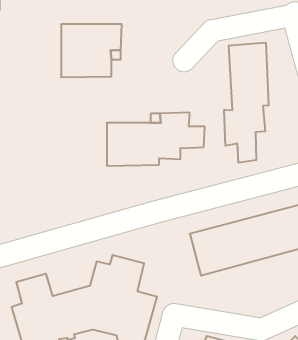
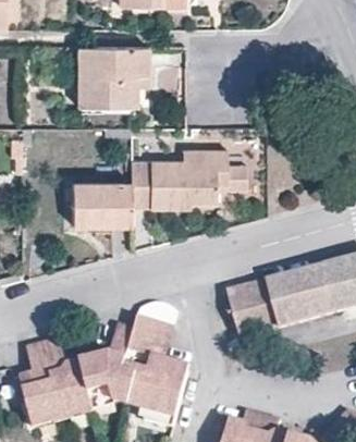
building: [224,43,269,163] -> none
building: none -> [72,182,132,225]

